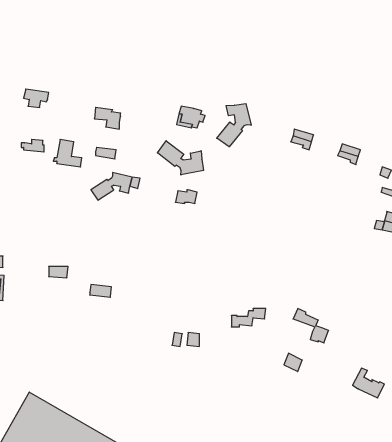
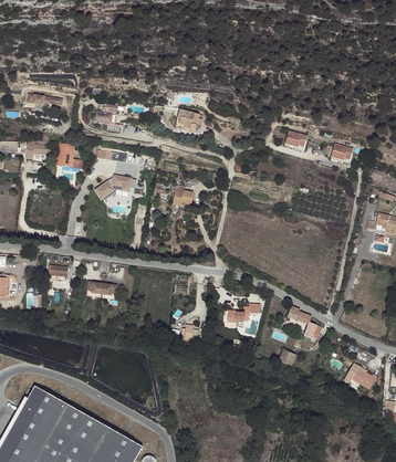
building: [217,104,251,147] -> none
building: [157,141,204,175] -> none

